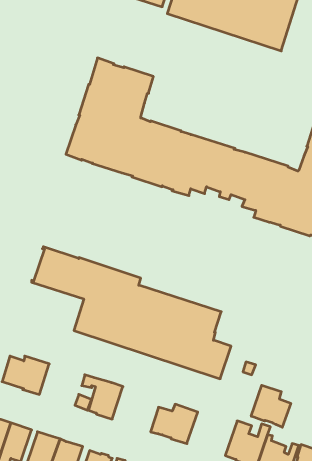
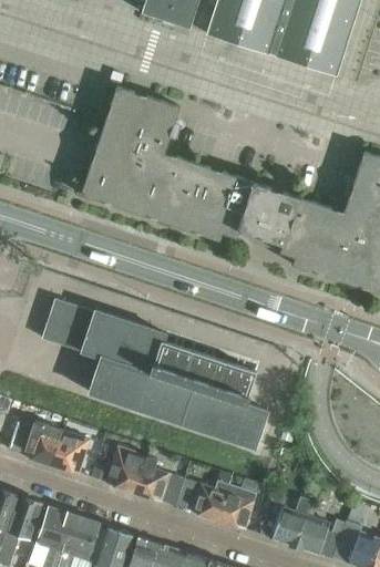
building: none -> [51,430,90,472]
building: [251,385,291,427] -> none
building: none -> [133,455,191,506]
building: none -> [217,484,257,528]

